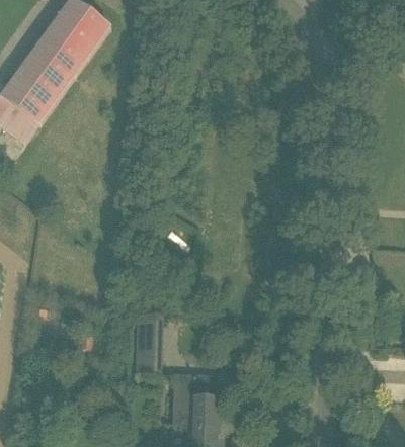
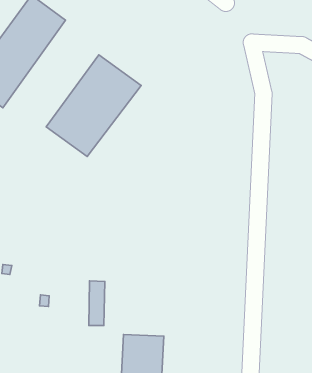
building: none -> [46,55,141,157]

